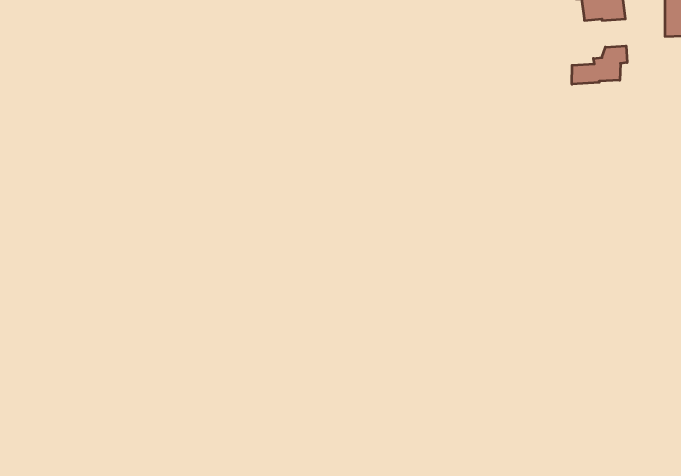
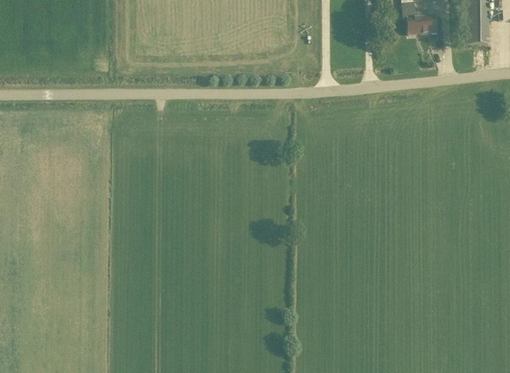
building: [572,46,627,84] -> none

